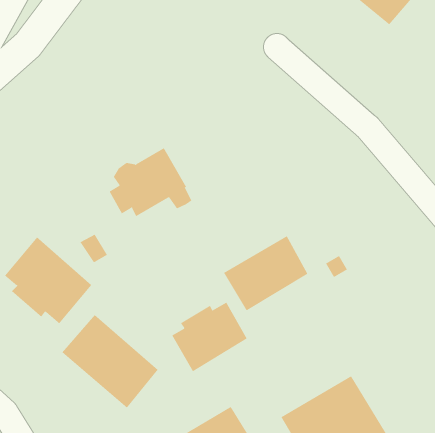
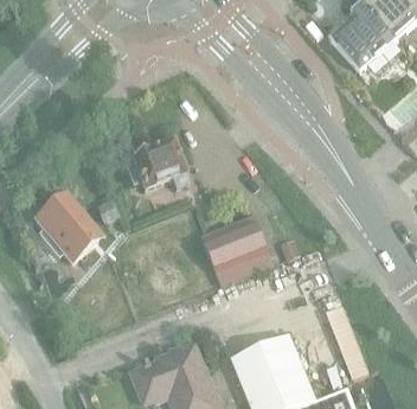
building: [172,302,248,372] -> none
building: [61,314,158,409] -> none

